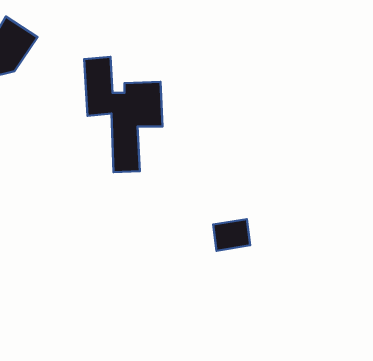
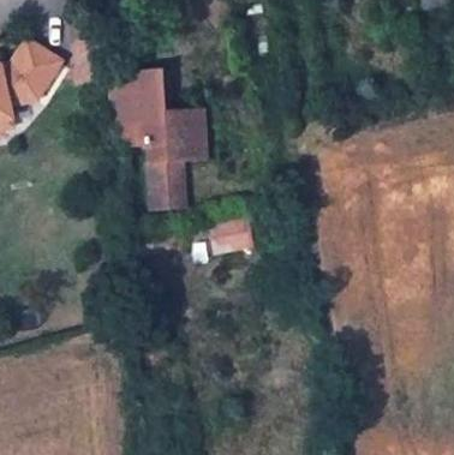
building: [213,219,250,251] -> [210,218,251,253]

